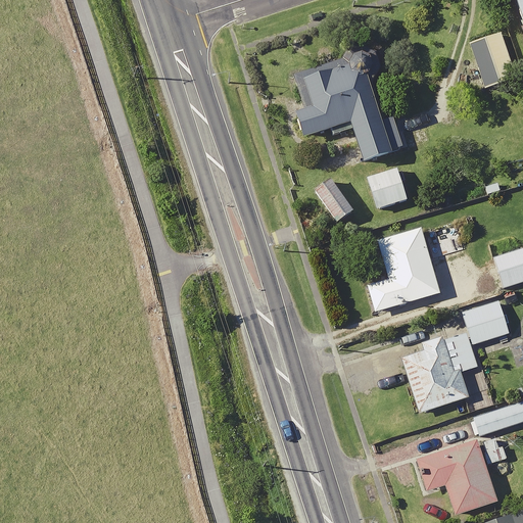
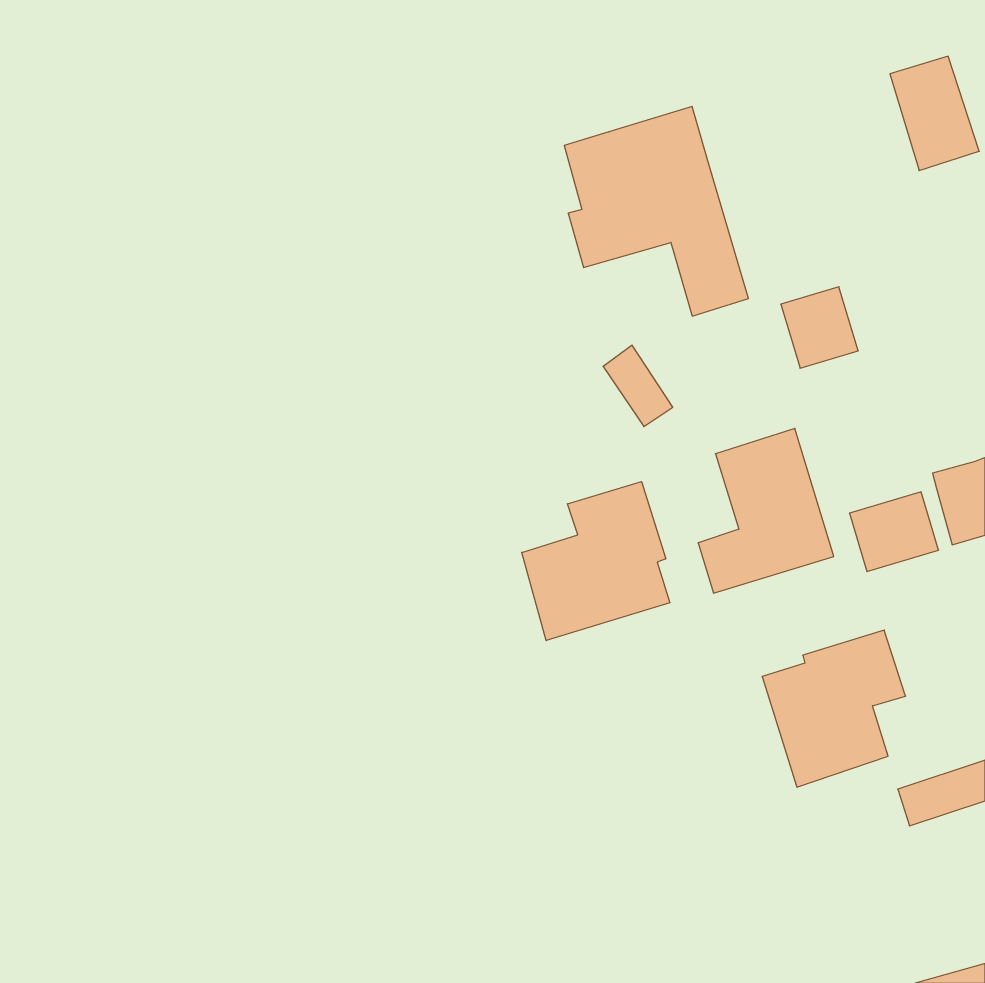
building: [367,165,408,208] -> [781,287,858,368]
building: none -> [522,482,670,641]
building: [461,300,508,342] -> [849,492,939,571]
building: [417,432,505,514] -> none

